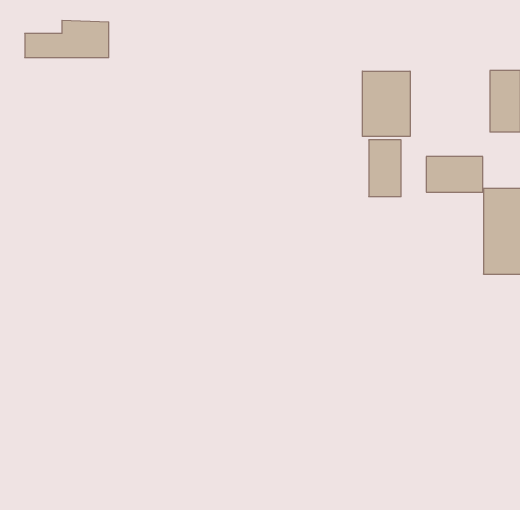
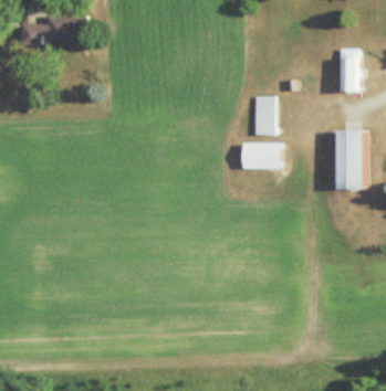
building: [362,71,410,136] -> none
building: [426,157,483,192] -> [241,142,280,167]

